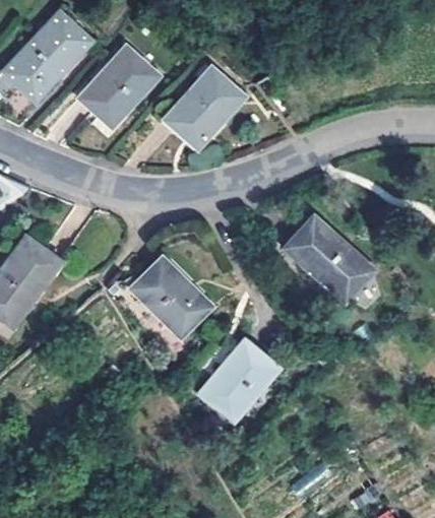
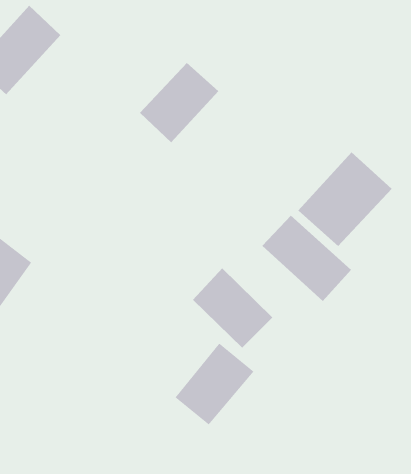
building: [81,45,159,125] -> none
building: none -> [297,152,392,247]
building: [133,257,212,336] -> [192,268,273,349]

